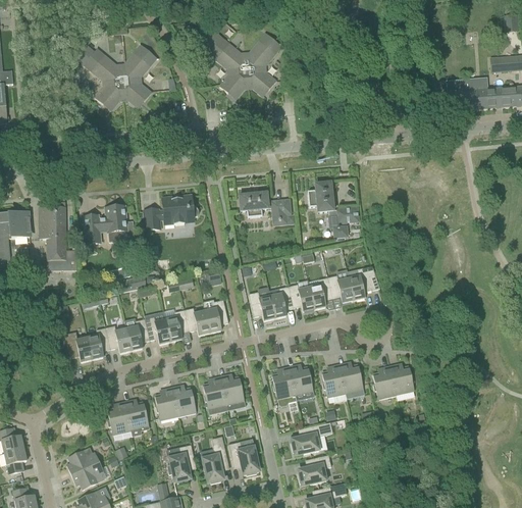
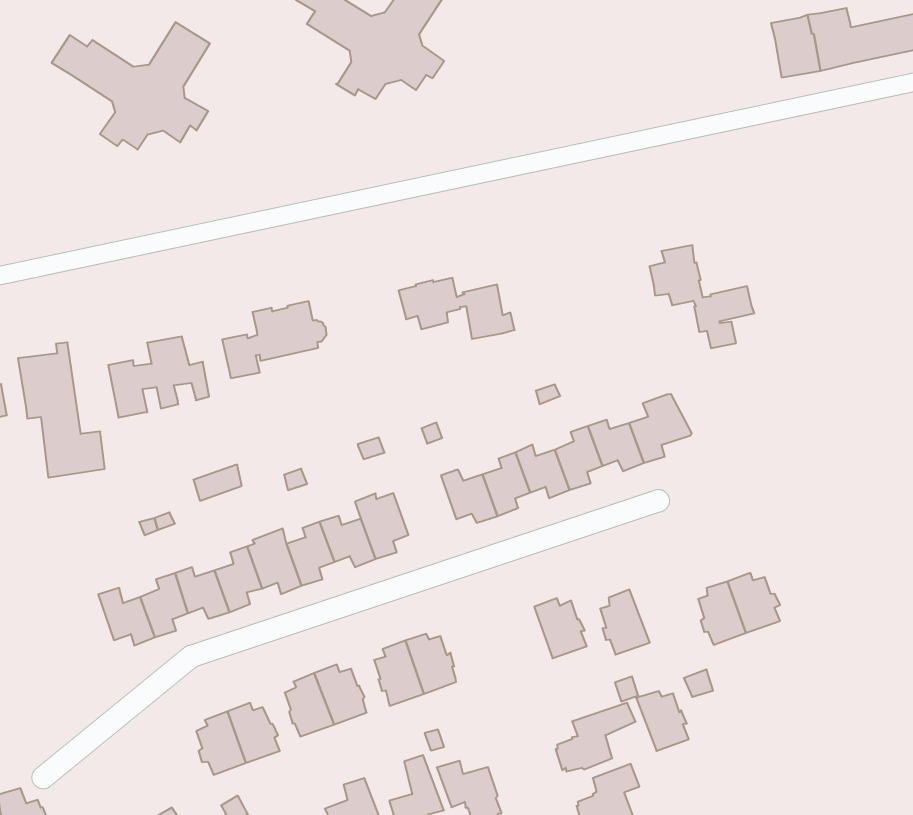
building: [308,183,359,237] -> [649,245,754,348]
building: [338,362,363,393] -> [636,691,689,751]
building: [272,367,297,406] -> none

